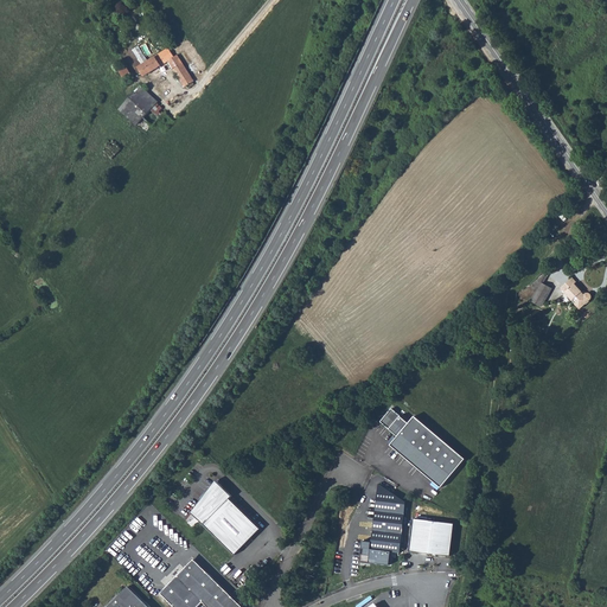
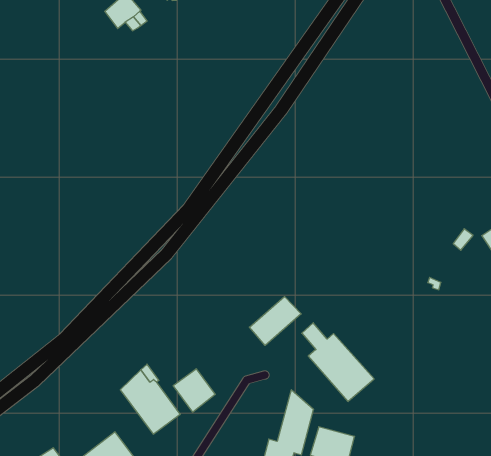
building: none -> [249,297,301,345]
building: none -> [173,369,215,412]

